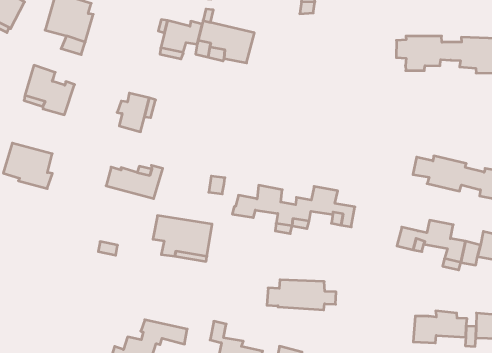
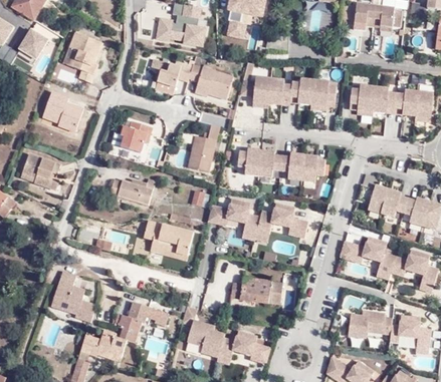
building: none -> [240,78,336,110]
building: none -> [188,124,221,171]
building: none -> [236,150,324,180]
building: none -> [47,275,92,322]

